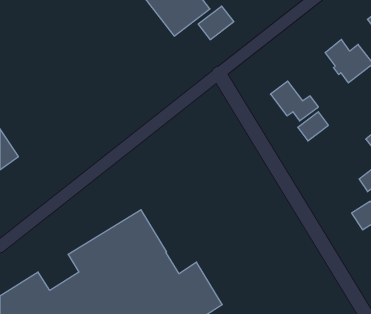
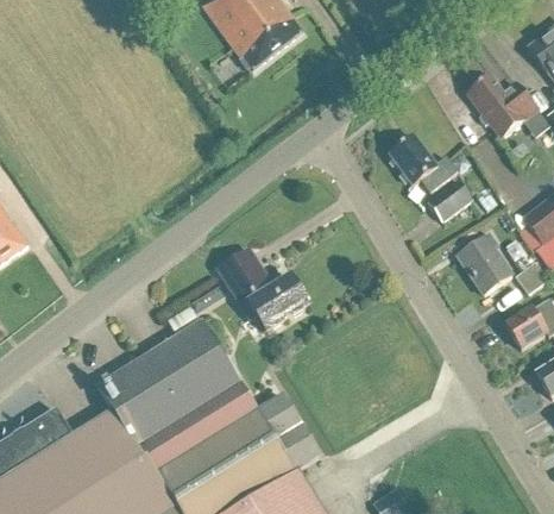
building: [198,6,234,40] -> none
building: none -> [458,232,512,293]
building: none -> [218,247,309,332]

